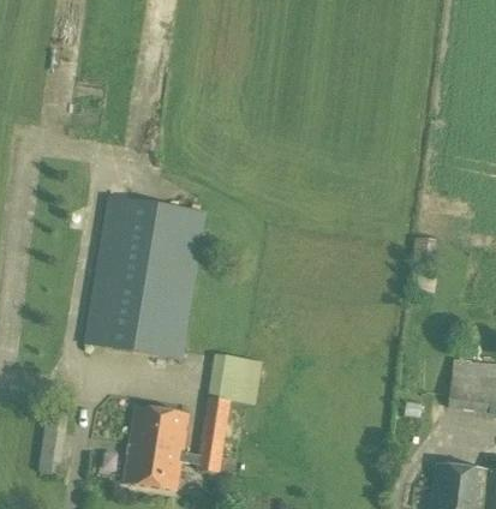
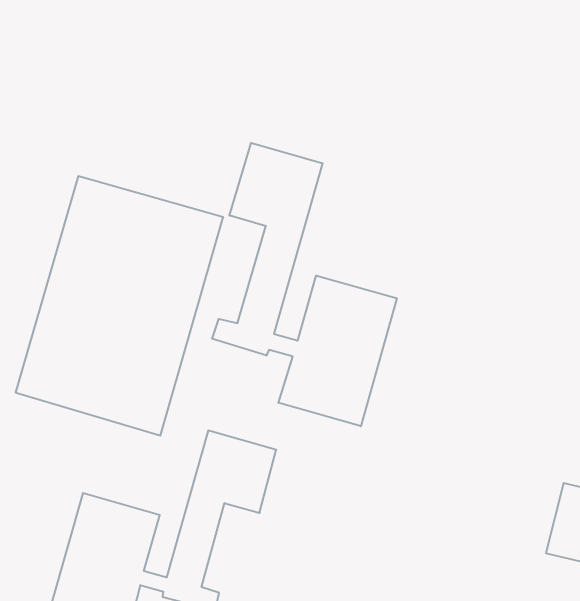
building: none -> [212,143,397,426]

